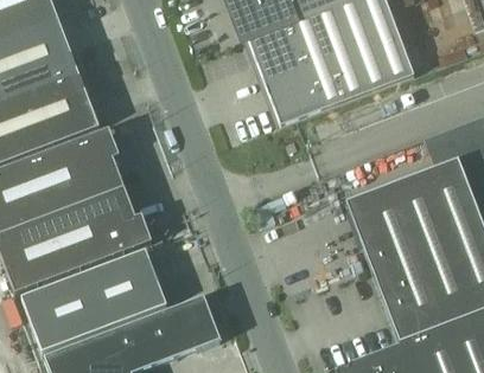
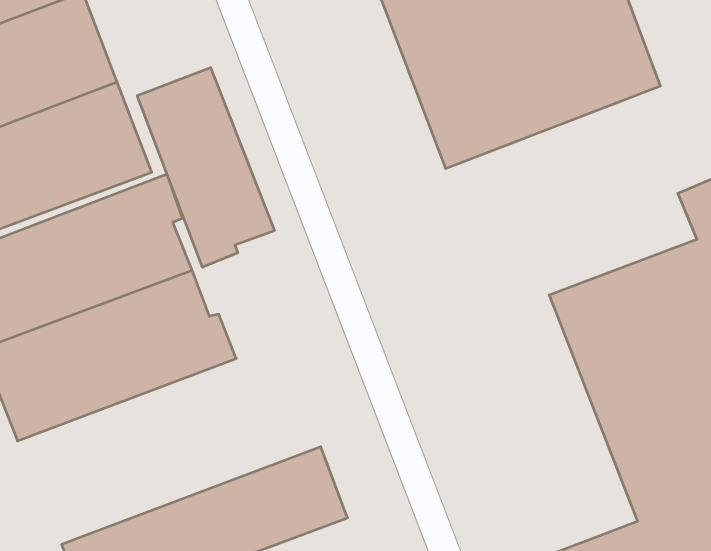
building: none -> [137,68,274,267]
building: [21,249,166,352] -> none

